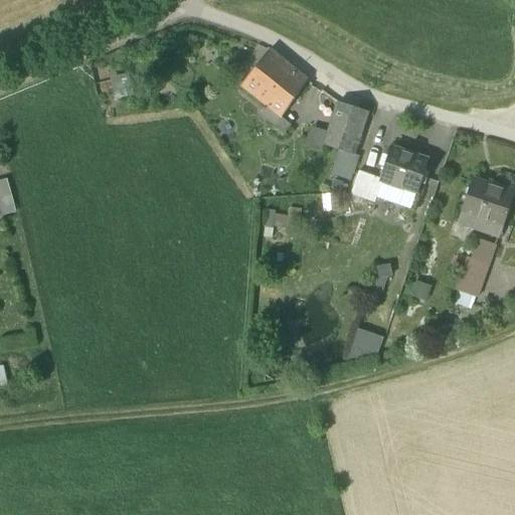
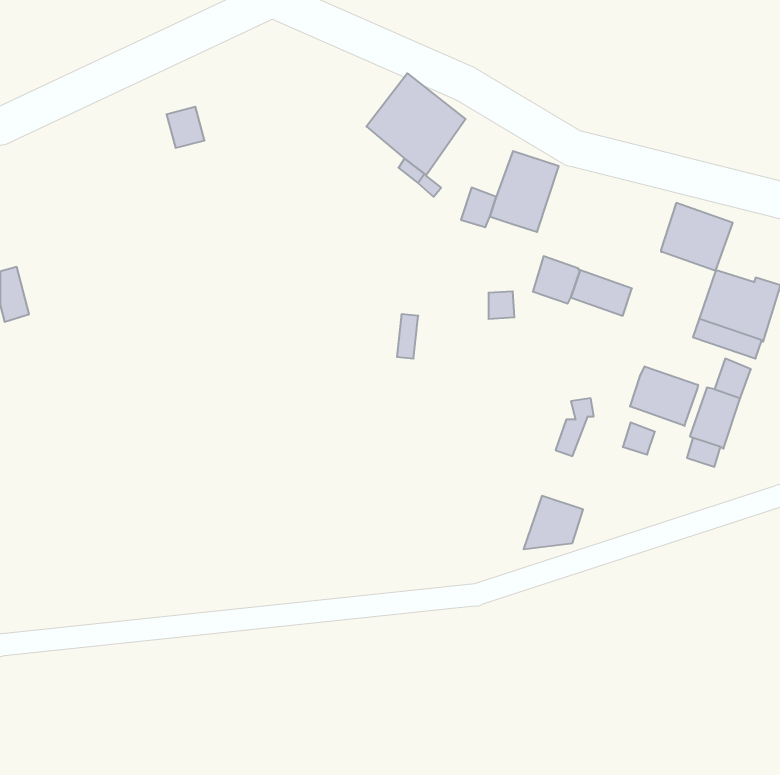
building: [381,146,428,190] -> [661,203,733,270]
building: [330,148,358,179] -> none
building: none -> [630,366,698,426]

